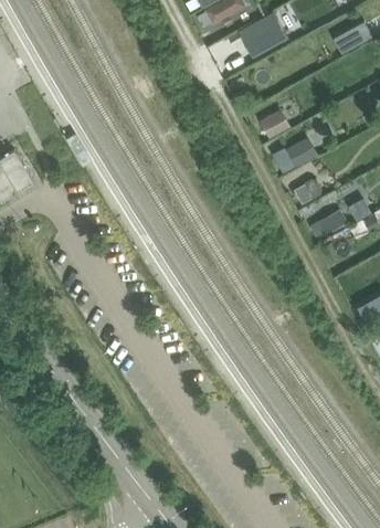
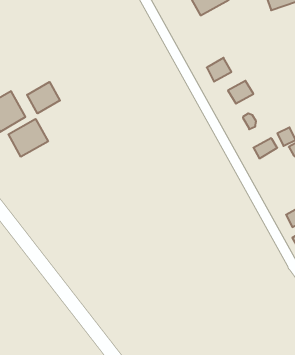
building: none -> [27,82,60,113]
building: none -> [8,119,48,157]

